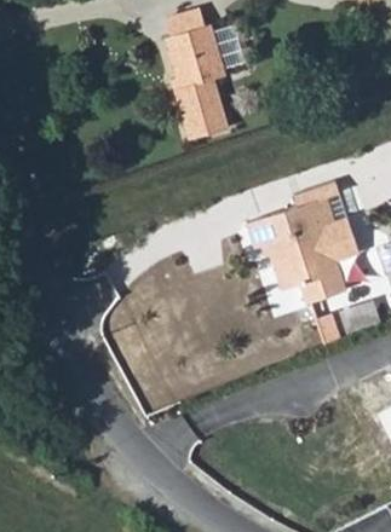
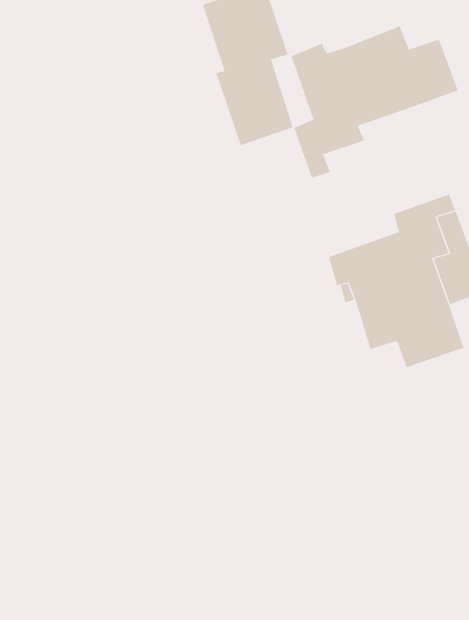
building: none -> [291,25,458,179]

